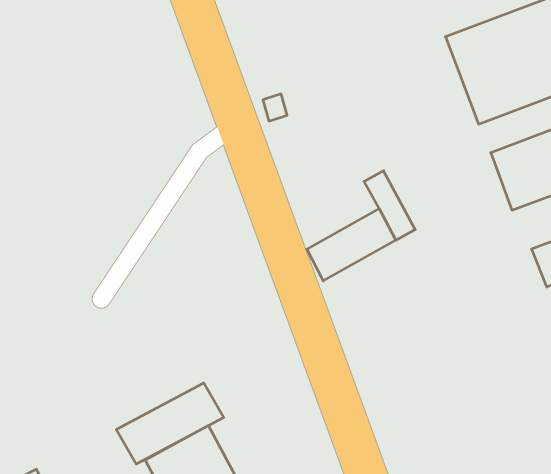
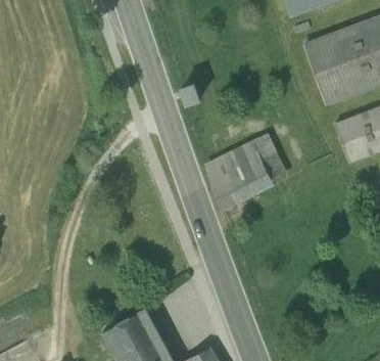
building: none -> [203,143,259,189]
building: [116,383,224,464] -> none

